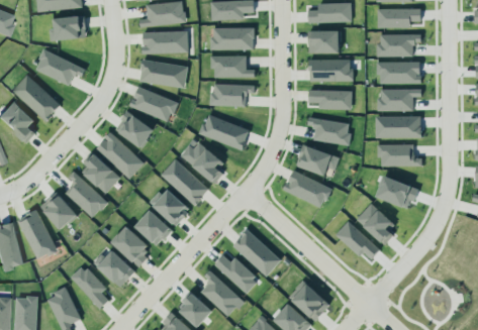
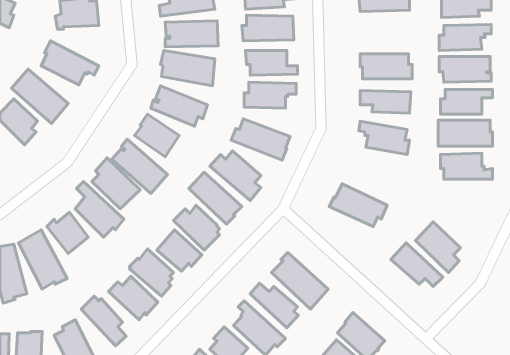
building: [308,30,341,53] -> none
building: [295,144,340,176] -> none
building: [376,176,417,209] -> none

